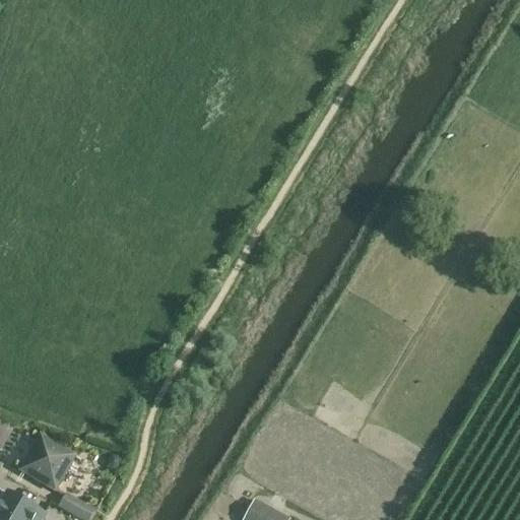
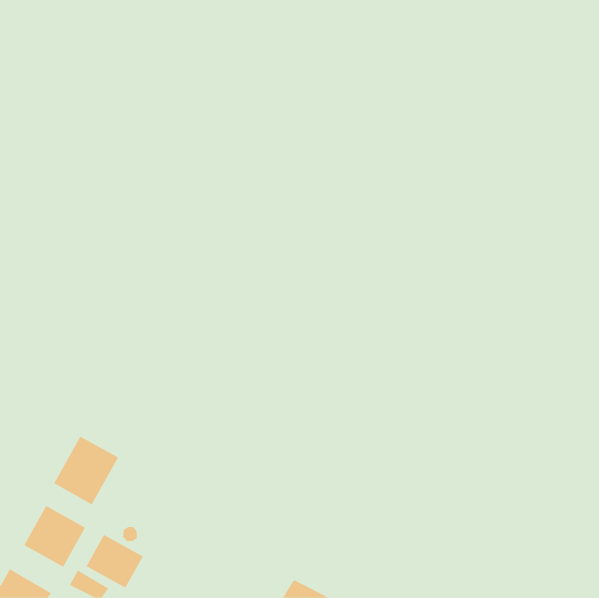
building: none -> [53,436,119,505]
building: none -> [86,534,144,589]

